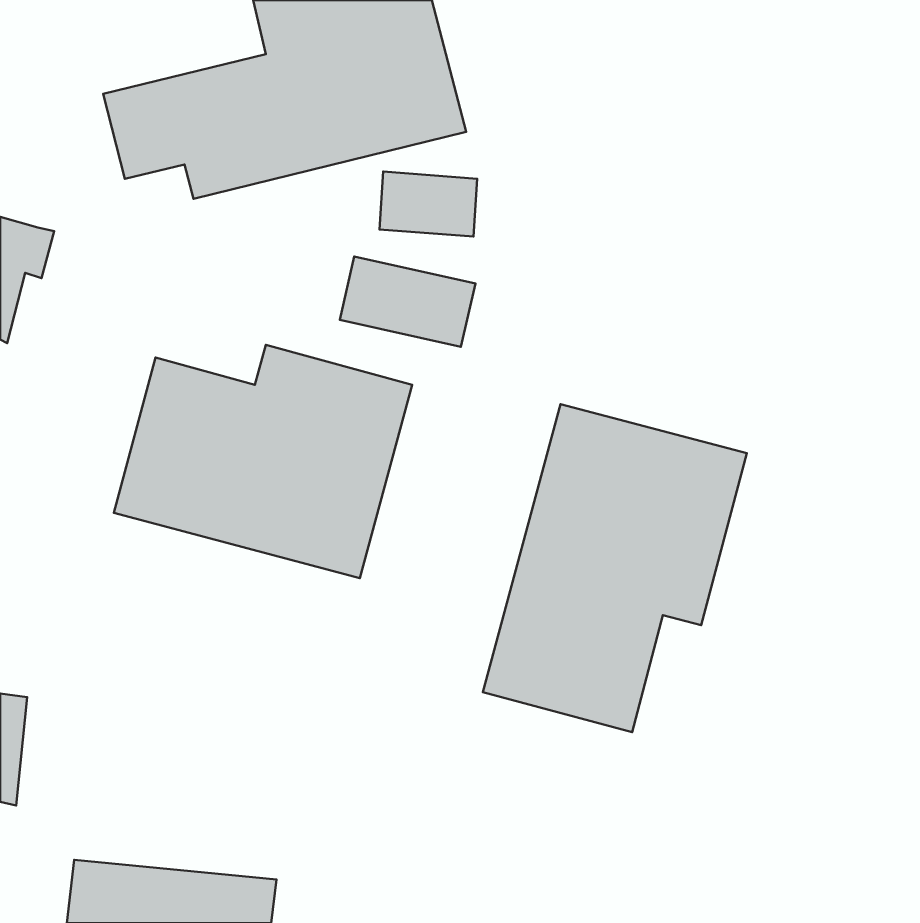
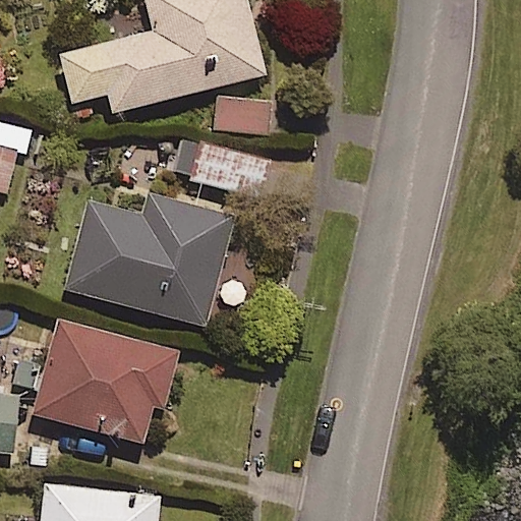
building: [483,404,747,732] -> none
building: none -> [33,321,178,444]

